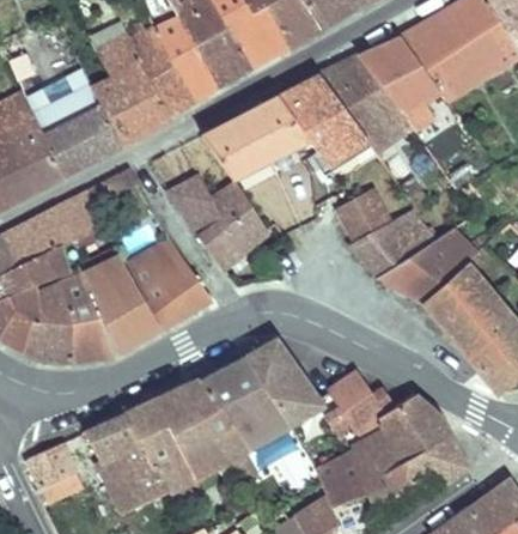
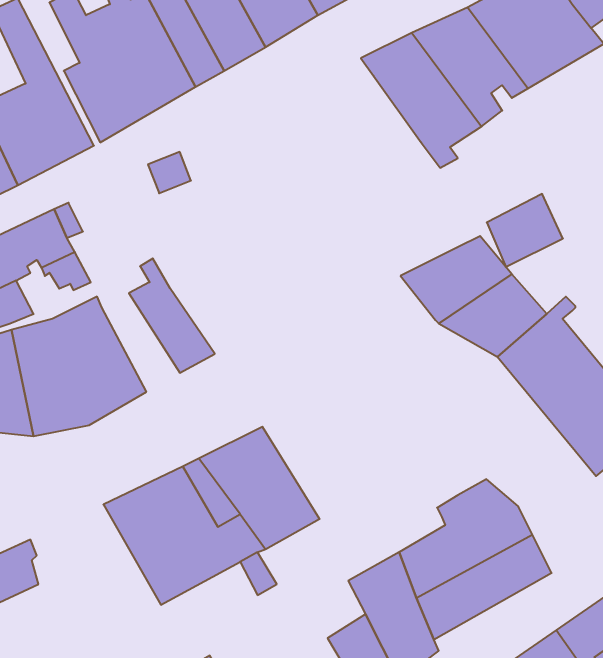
building: [202,78,366,181] -> none
building: [171,178,267,269] -> none
building: [336,187,394,242] -> [487,194,563,267]
building: [126,255,184,329] -> none
building: [246,340,322,425] -> none
building: [327,372,390,432] -> none
building: [86,414,170,511] -> none

